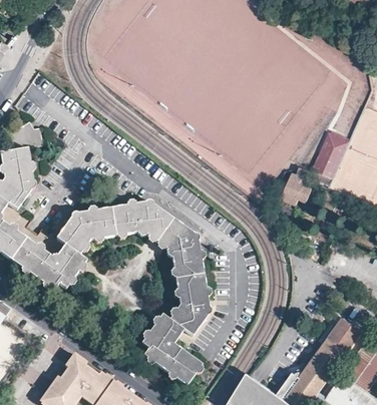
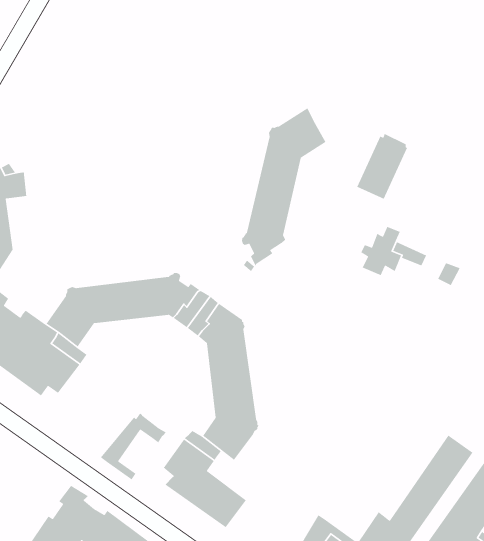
building: none -> [241,107,327,267]
building: [313,132,350,180] -> [356,133,408,200]
building: none -> [100,413,167,480]

